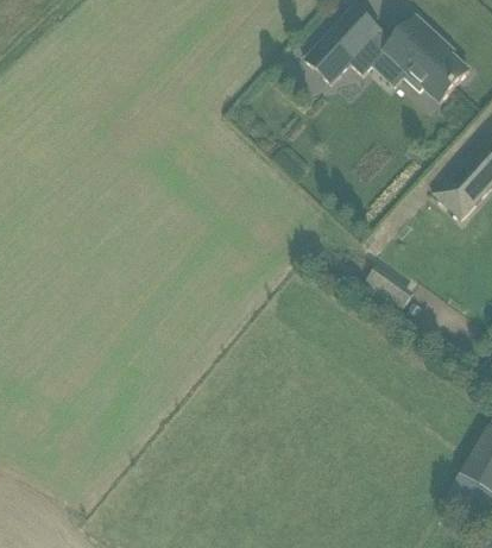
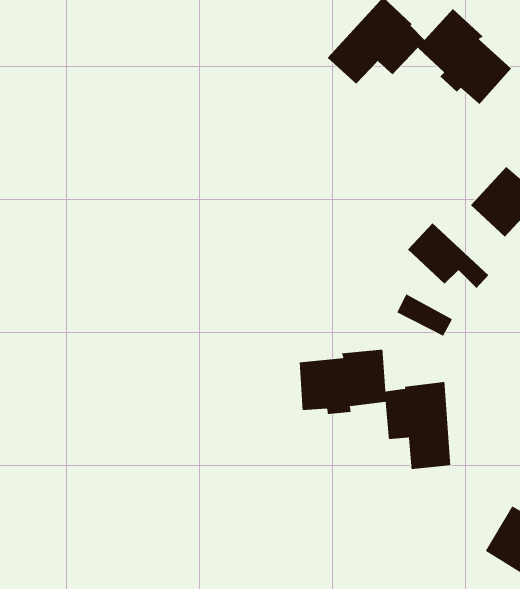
building: none -> [407,223,489,289]
building: none -> [299,349,451,470]

